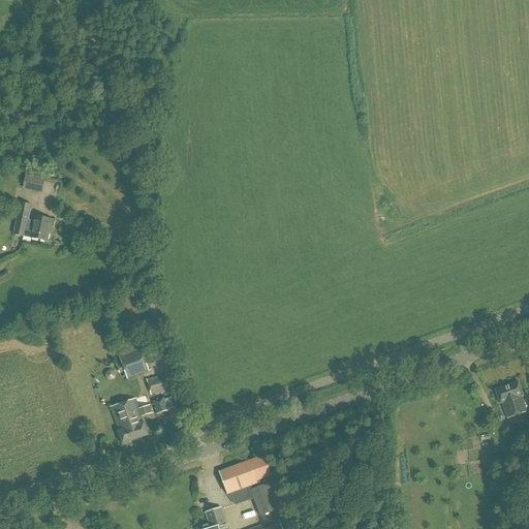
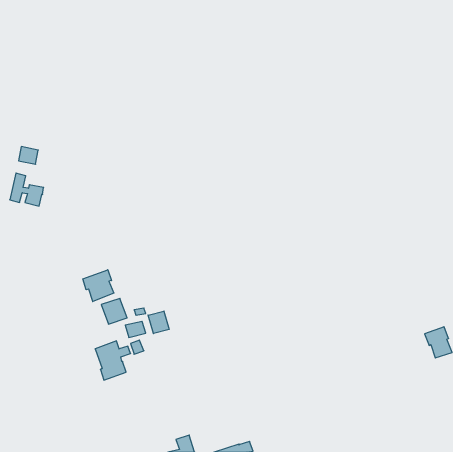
building: none -> [83,270,114,302]
building: none -> [148,311,169,334]
building: [218,454,282,515] -> none

